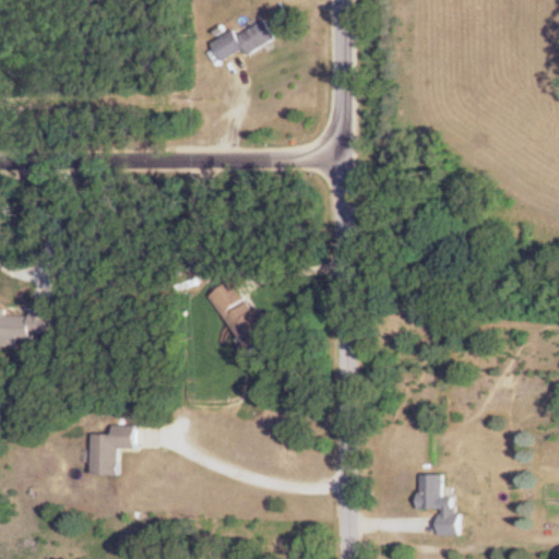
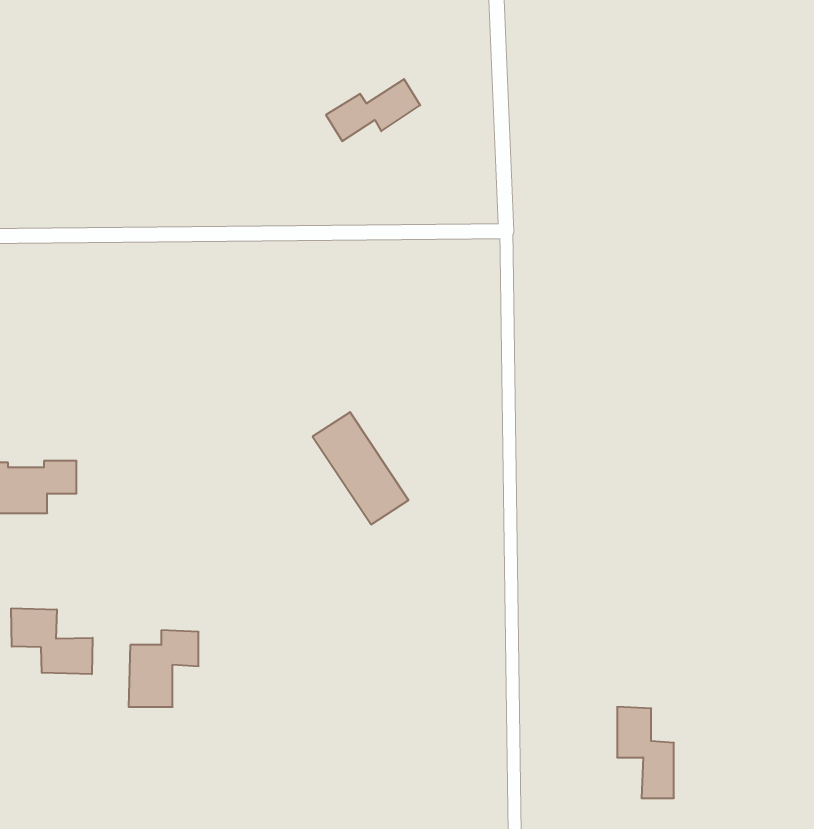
building: [207,20,271,61] -> [326,79,420,141]
building: none -> [11,608,93,674]

